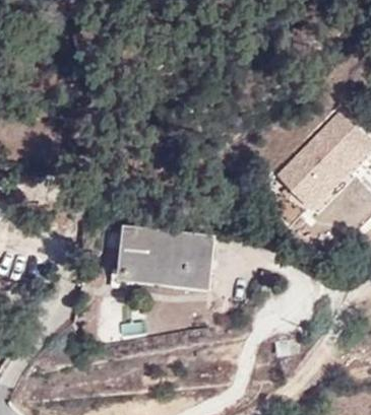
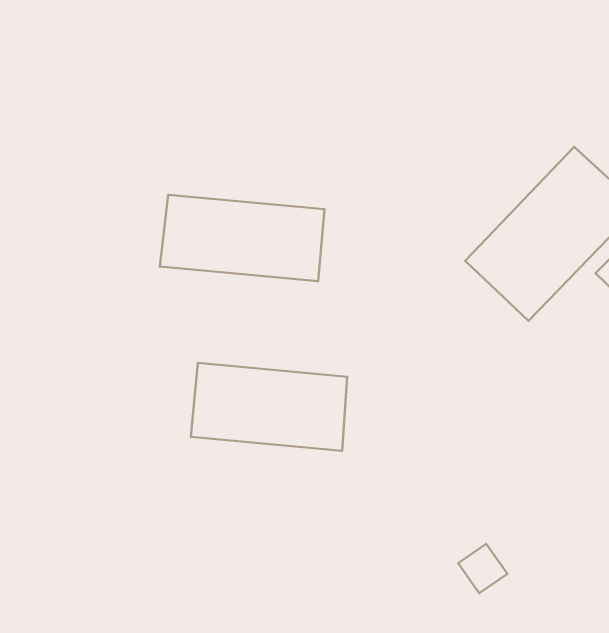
building: none -> [160,195,325,281]

